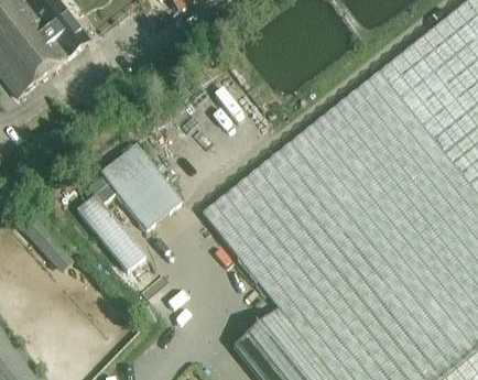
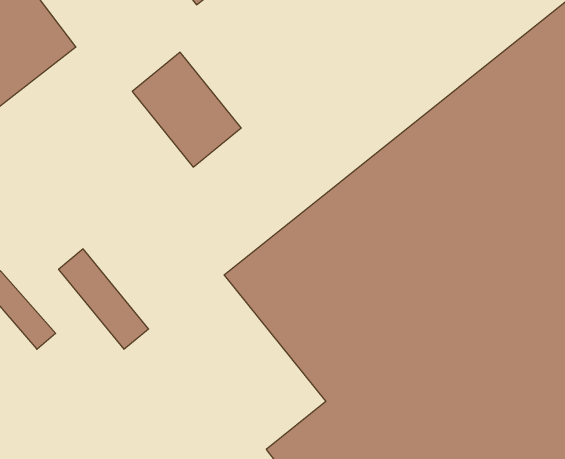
building: [99,143,182,230] -> [132,52,241,167]

